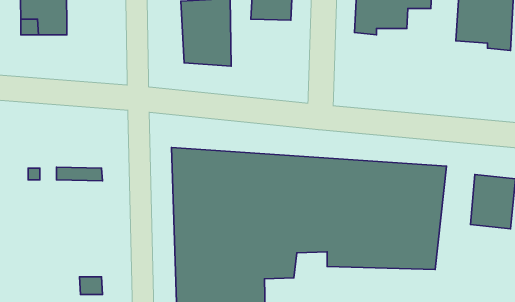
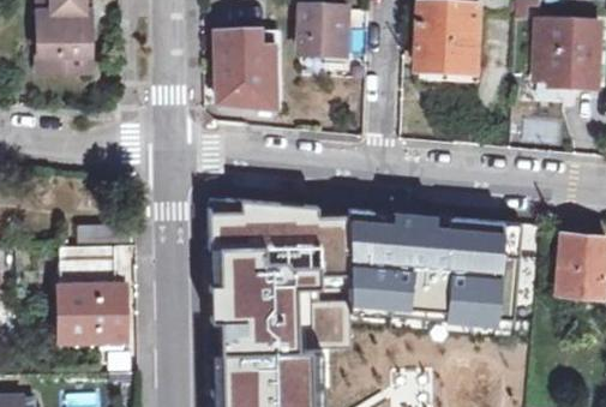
building: none -> [56,245,121,339]

